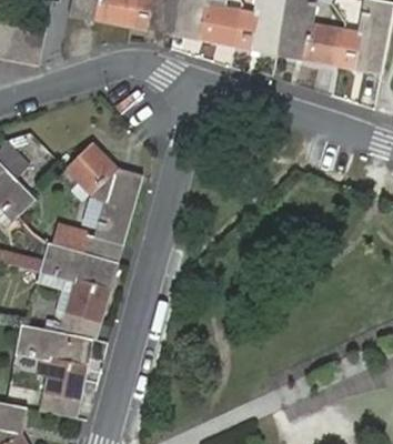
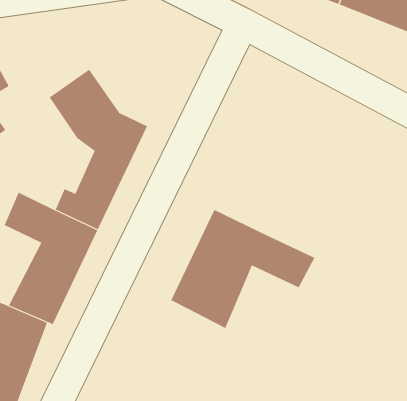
building: none -> [171,209,315,329]

